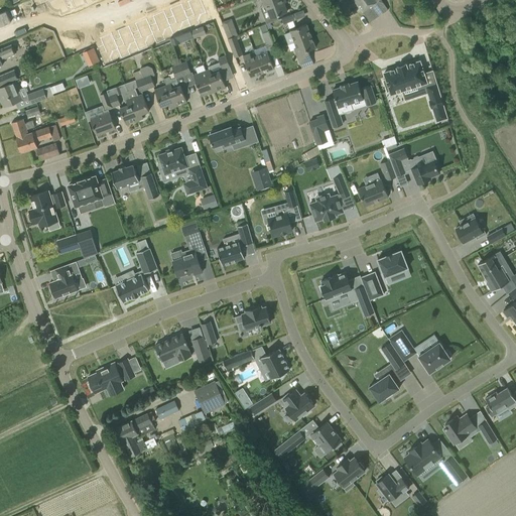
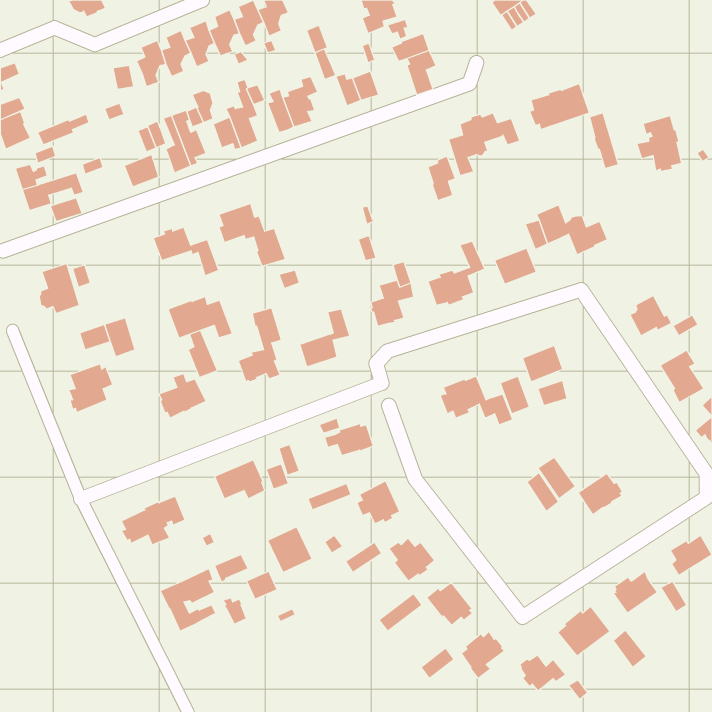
building: none -> [637,116,682,172]
building: [211,129,245,150] -> none
building: [69,175,115,206] -> [168,296,232,338]
building: [369,371,399,401] -> none

